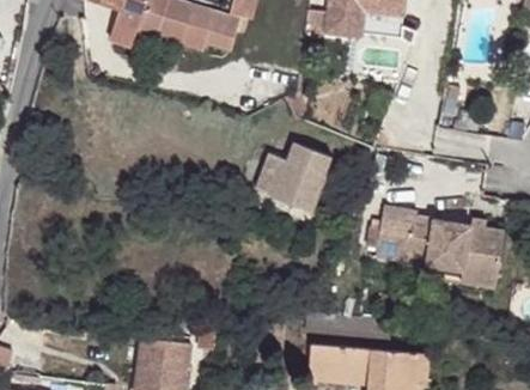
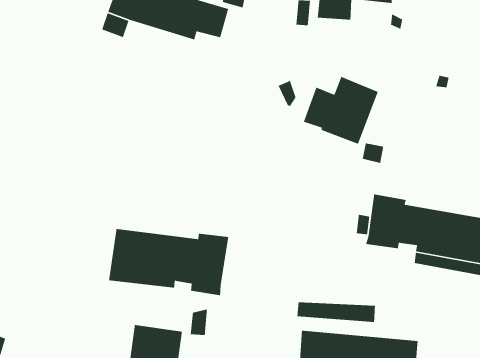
building: [255,140,331,209] -> [303,76,379,145]
building: none -> [108,228,229,296]

